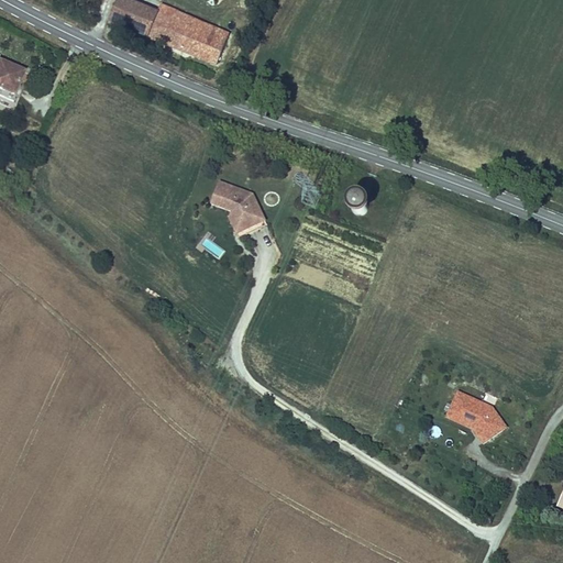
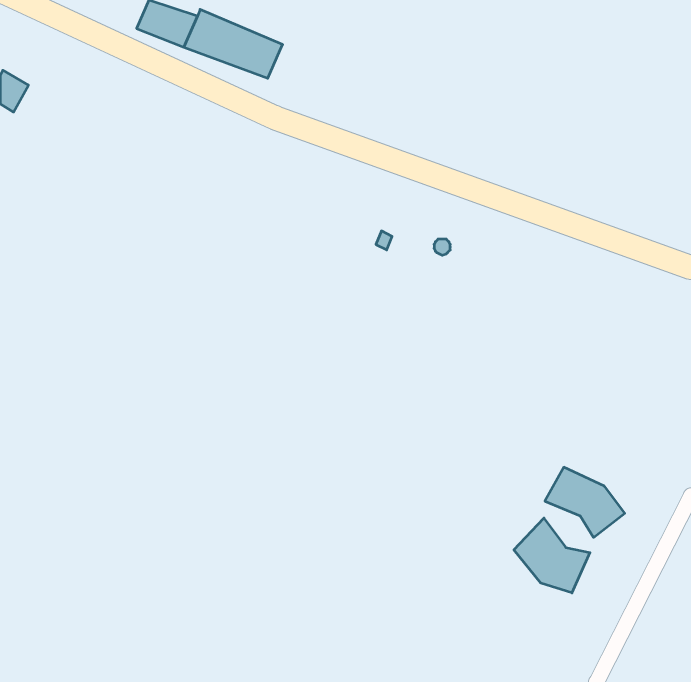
building: [208,173,266,229] -> none
building: none -> [514,518,590,593]

